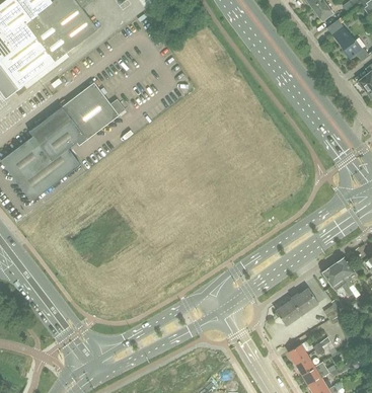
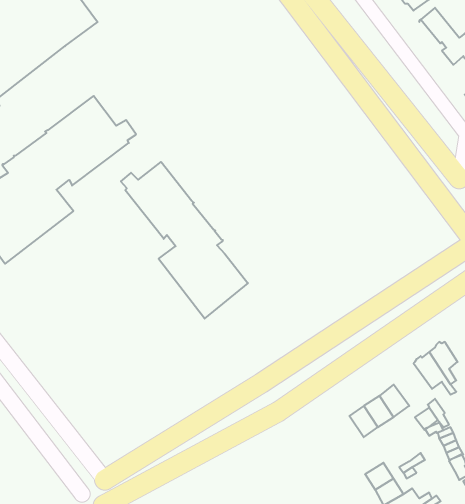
building: none -> [121,162,248,319]

